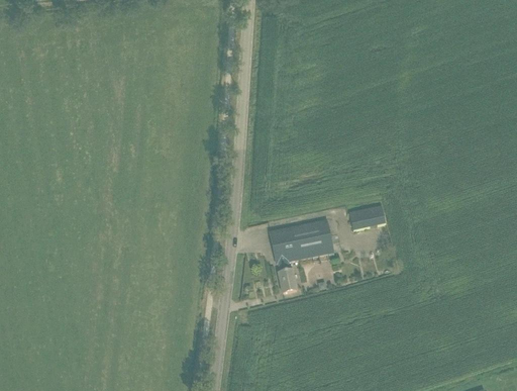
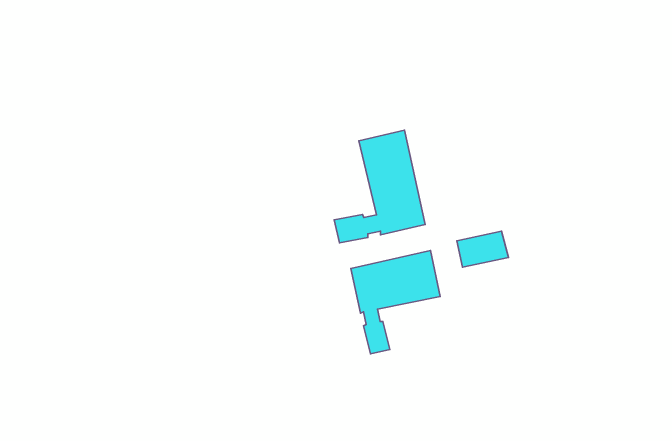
building: none -> [334,130,425,243]

